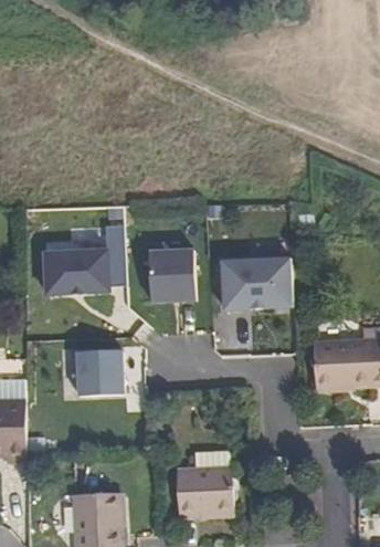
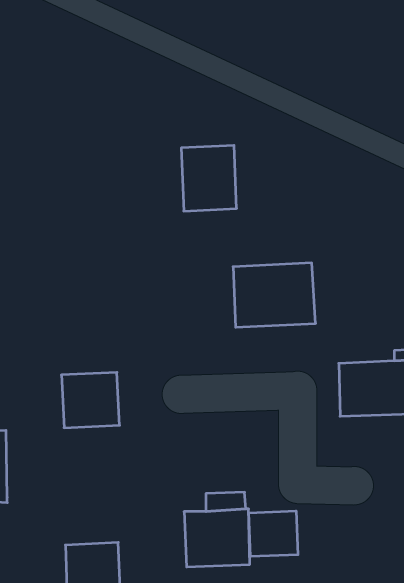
building: [45,223,126,294] -> none
building: [148,246,196,303] -> [181,145,237,211]
building: none -> [249,511,298,557]

